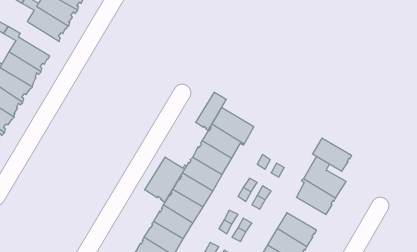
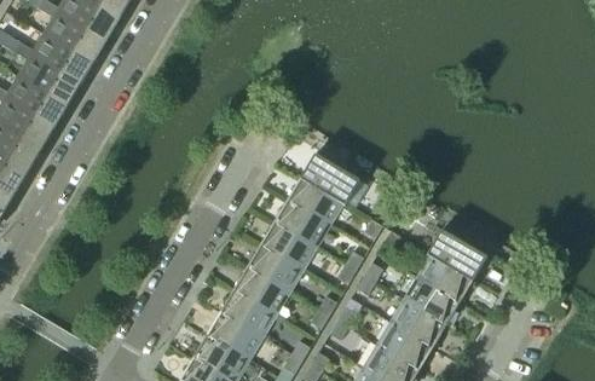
building: none -> [33,34,89,82]
building: [196,92,226,130] -> none
building: [312,138,352,171] -> [405,278,460,324]
building: [145,157,186,202] -> none

